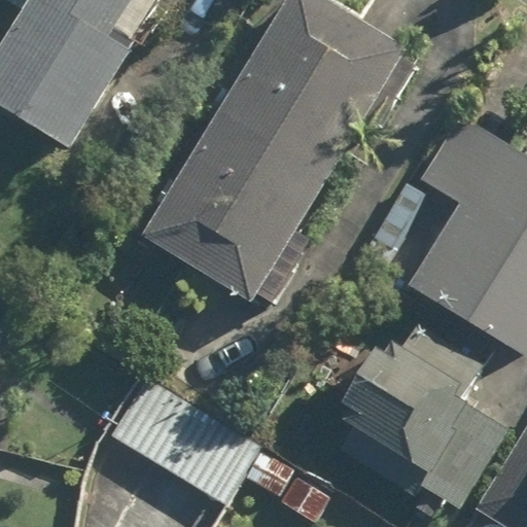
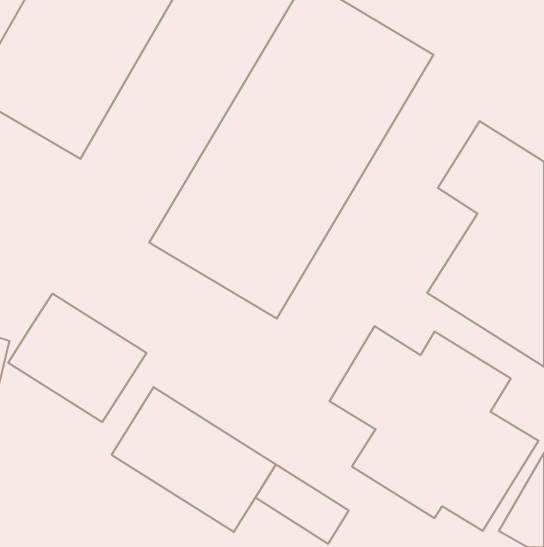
building: none -> [8,294,147,422]

